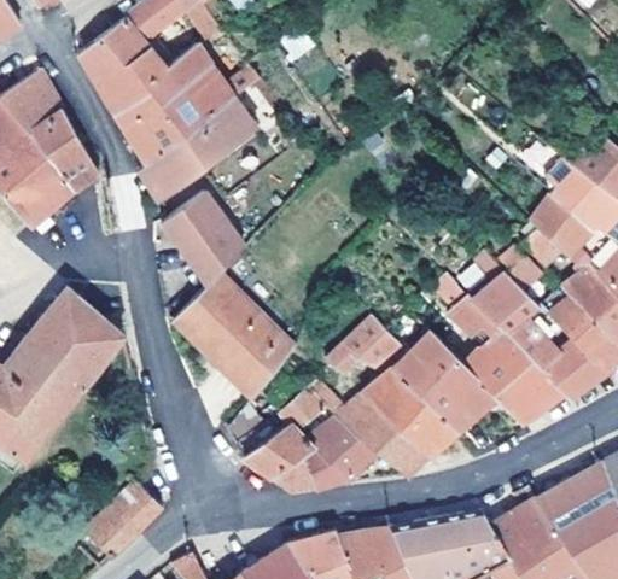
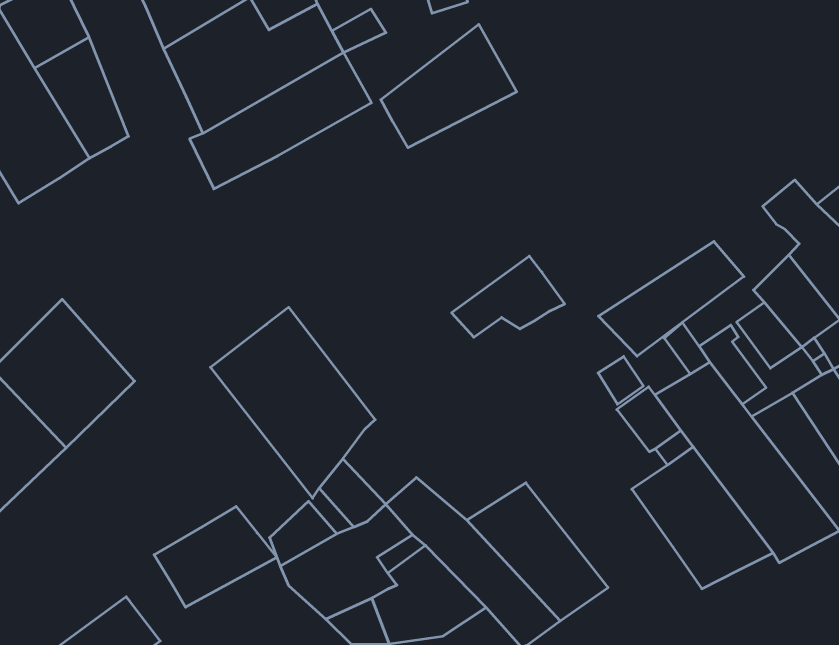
building: none -> [381,24,517,148]
building: none -> [598,241,744,356]
building: [161,192,244,286] -> none
building: [326,316,401,375] -> [452,256,565,337]
building: [393,331,497,432] -> none
building: none -> [154,506,277,607]

